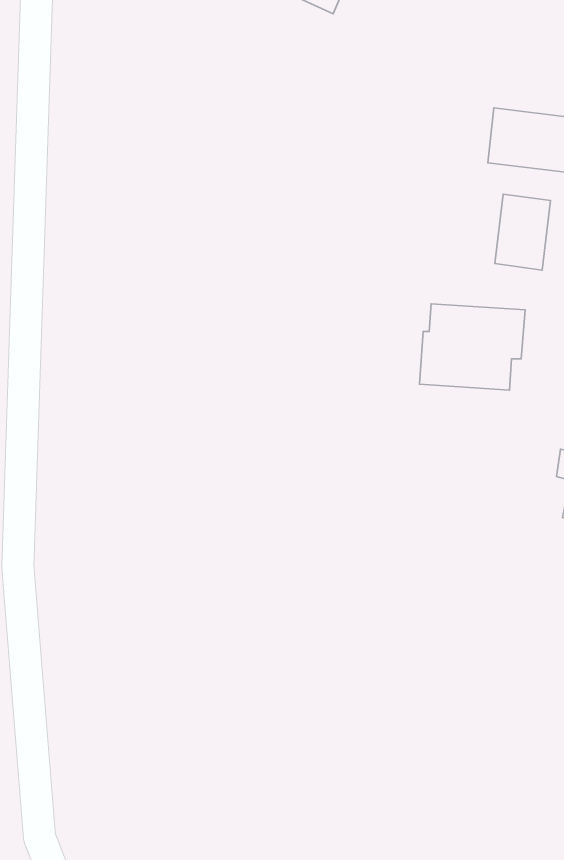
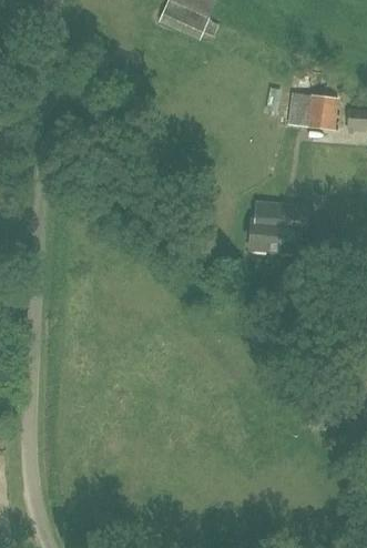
building: [495,194,551,270] -> none

